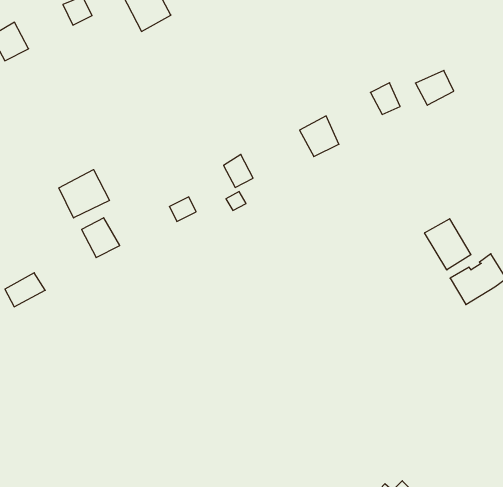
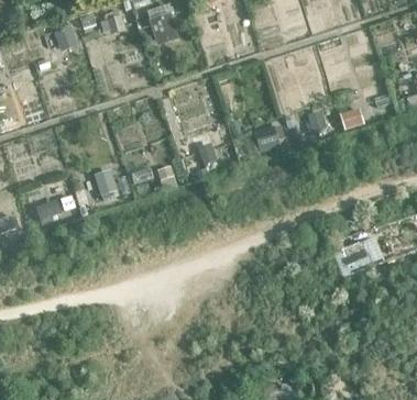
building: [59,170,109,218] -> none
building: [425,219,471,270] -> none

